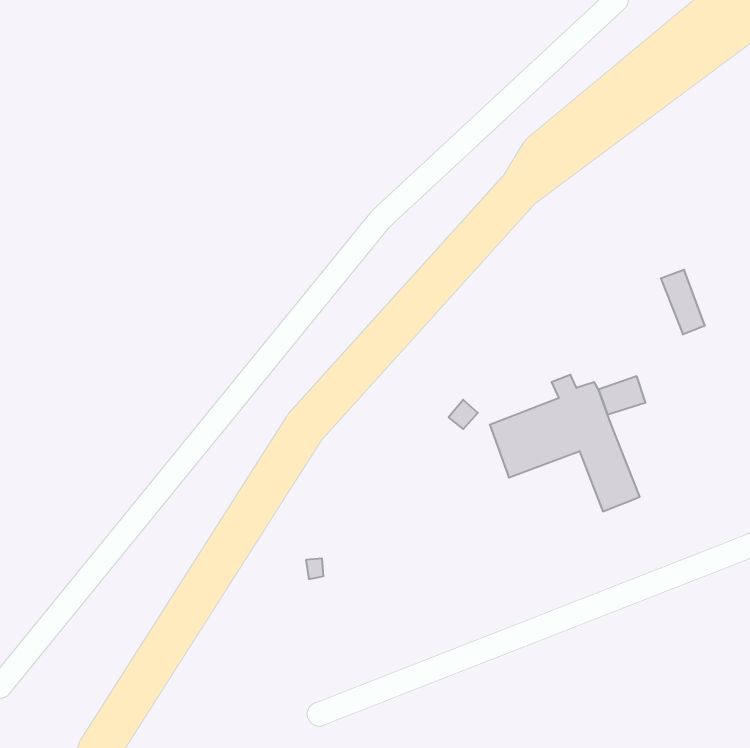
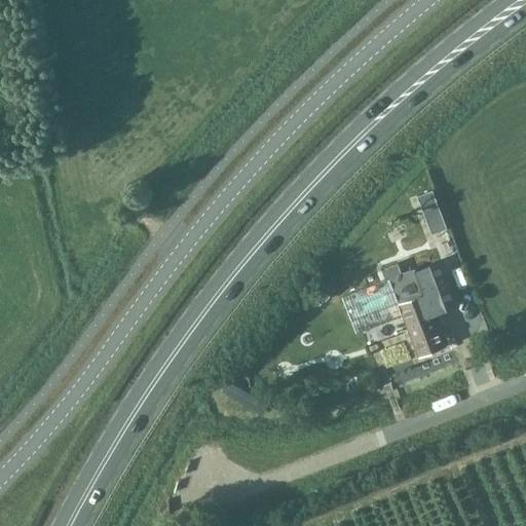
building: [661,270,705,334] -> [417,192,448,237]

